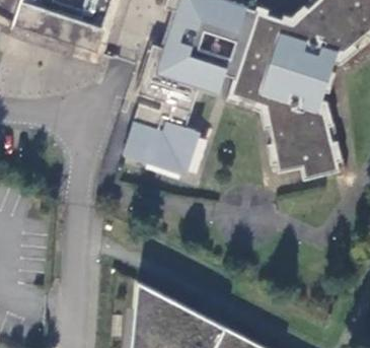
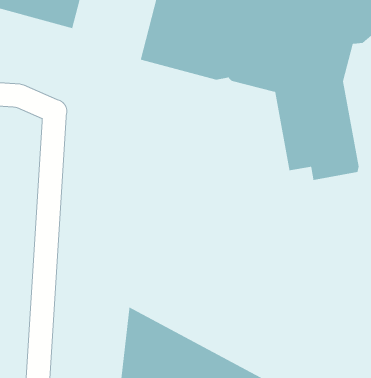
building: [121,88,199,177] -> none

